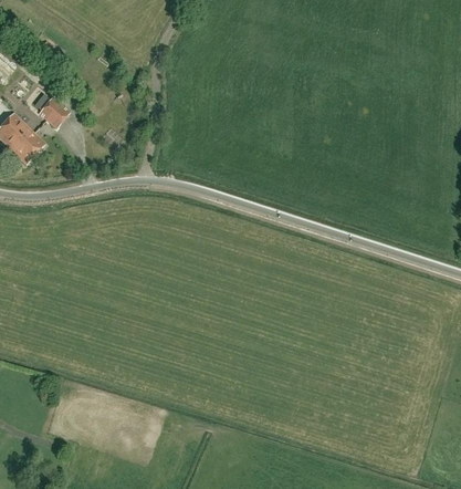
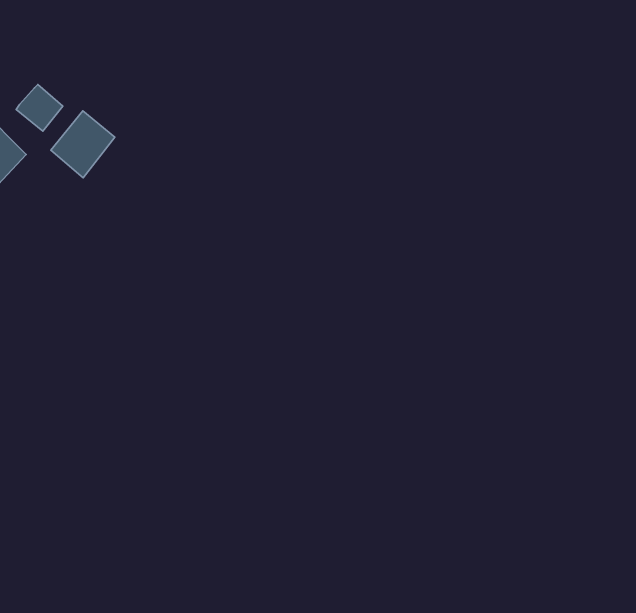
building: none -> [51,111,115,178]

